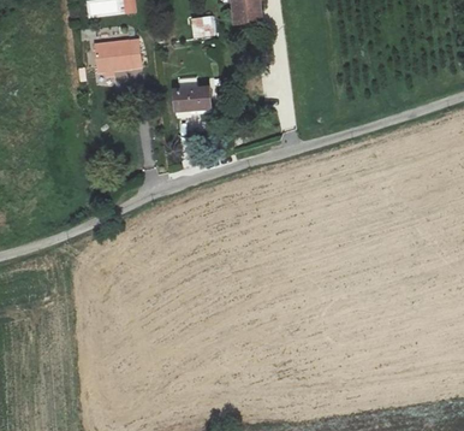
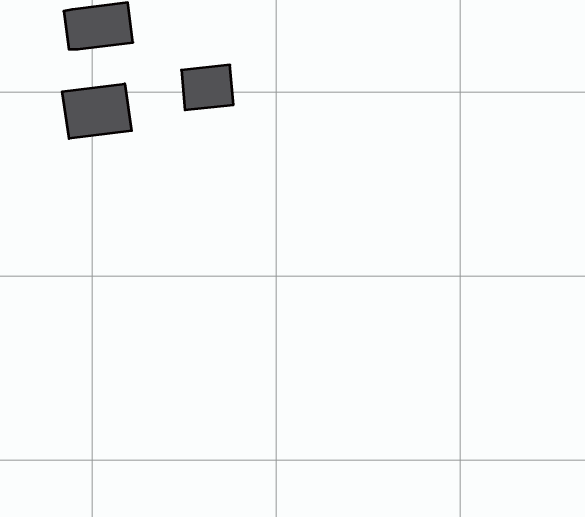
building: none -> [62,84,132,139]

